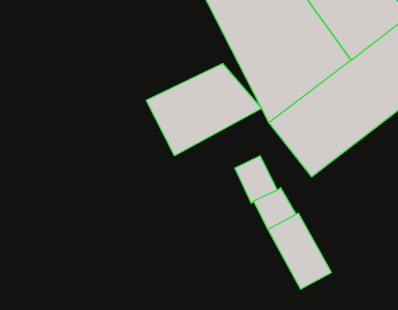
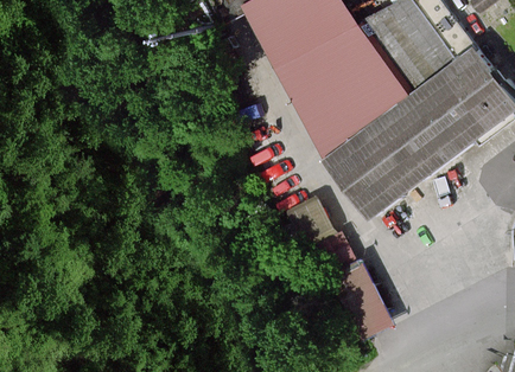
building: [146,64,261,156] -> none

